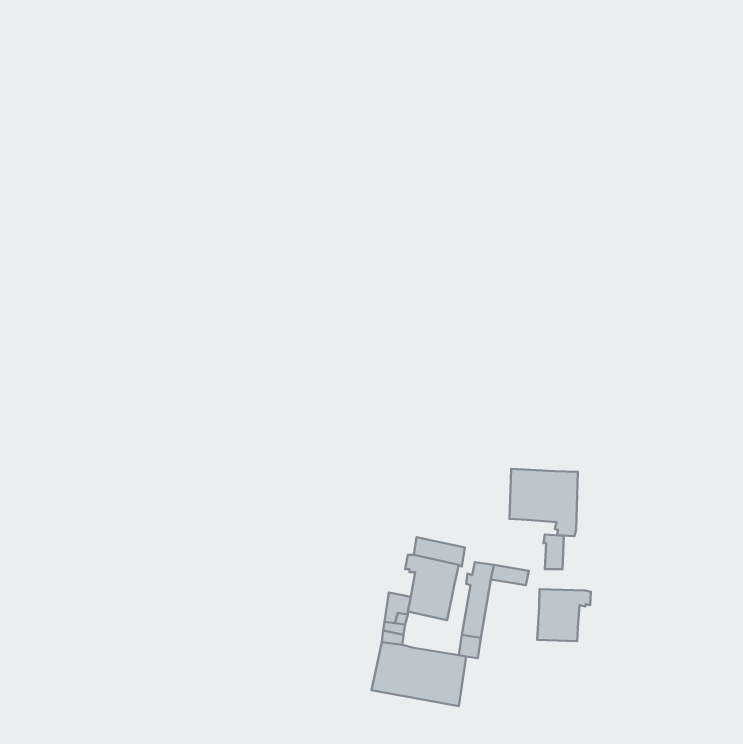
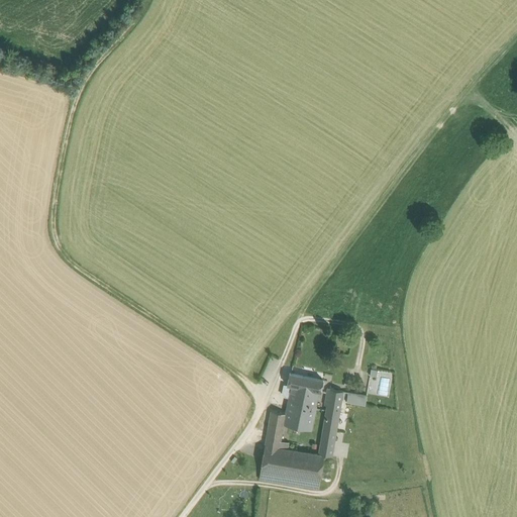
building: [509,469,578,536] -> none
building: [537,589,591,641] -> none

